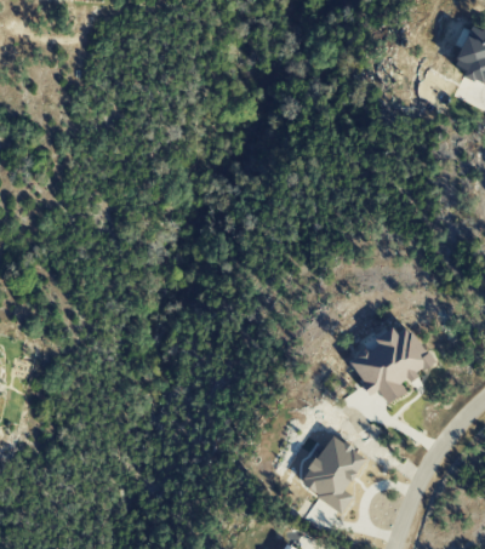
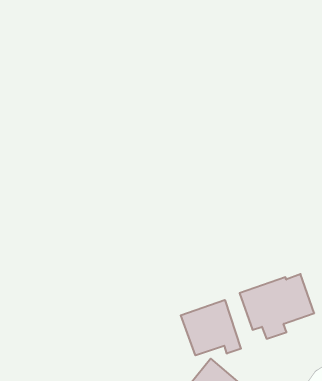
building: none -> [181,300,241,355]

